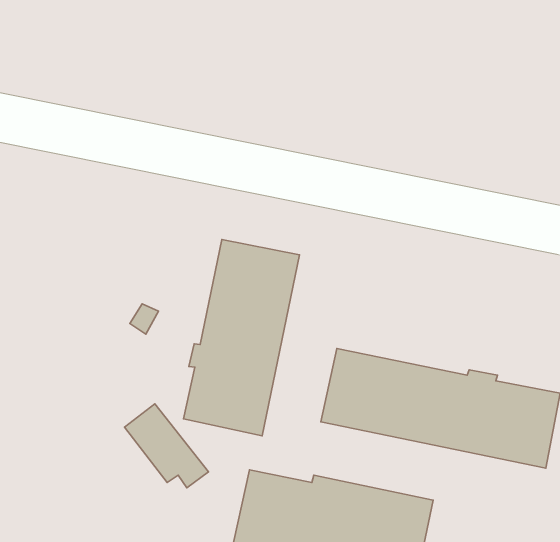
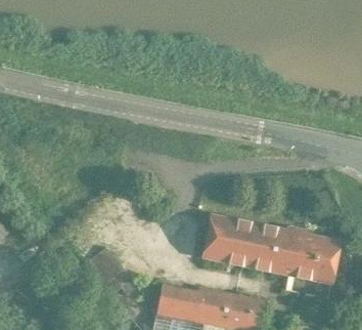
building: [183,240,300,436] -> none

